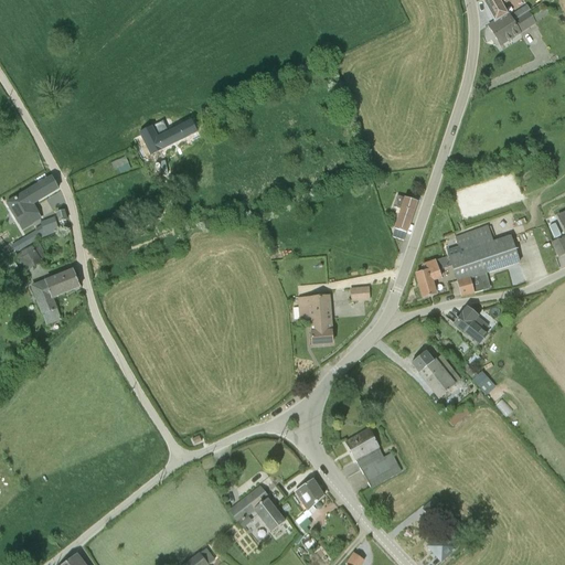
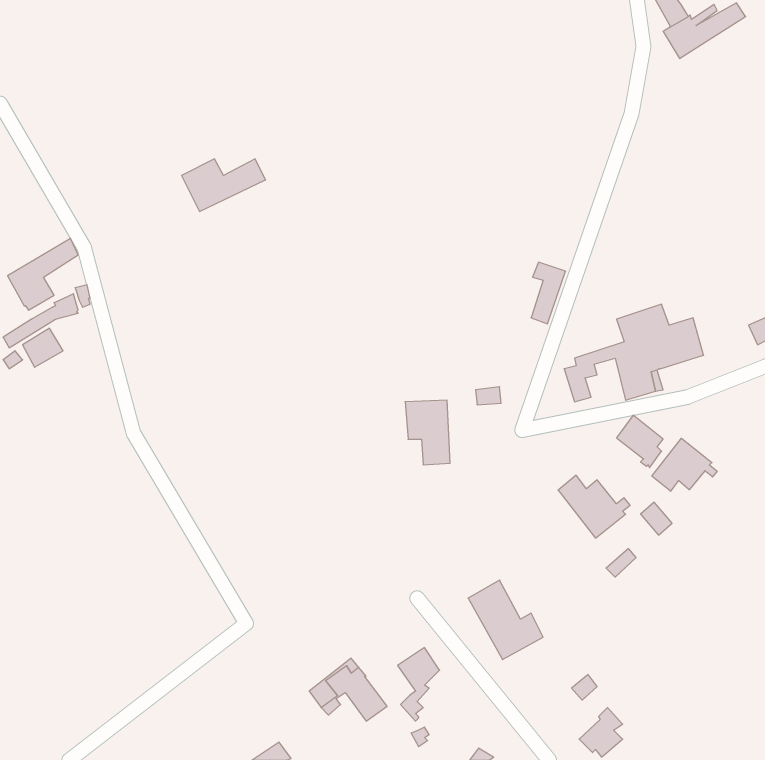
building: [31,268,81,323] -> none
building: none -> [652,438,717,491]

